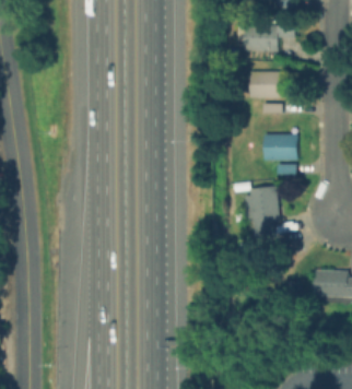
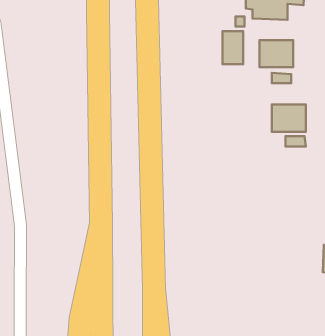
building: none -> [223,31,243,64]
building: [244,186,280,237] -> none

